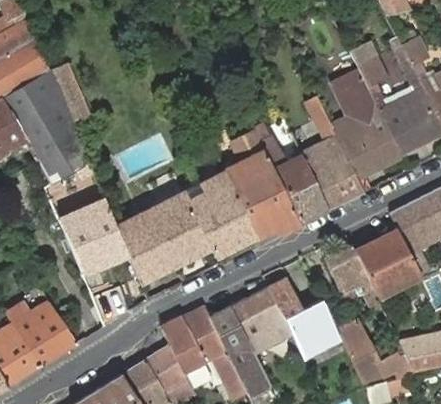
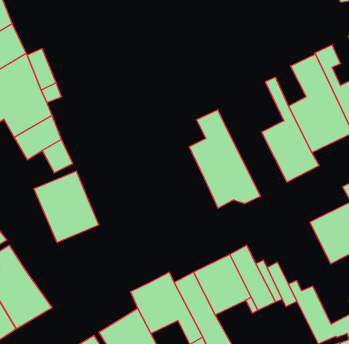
building: [253,122,329,224] -> none
building: [115,171,250,282] -> none
building: [324,244,381,310] -> none

